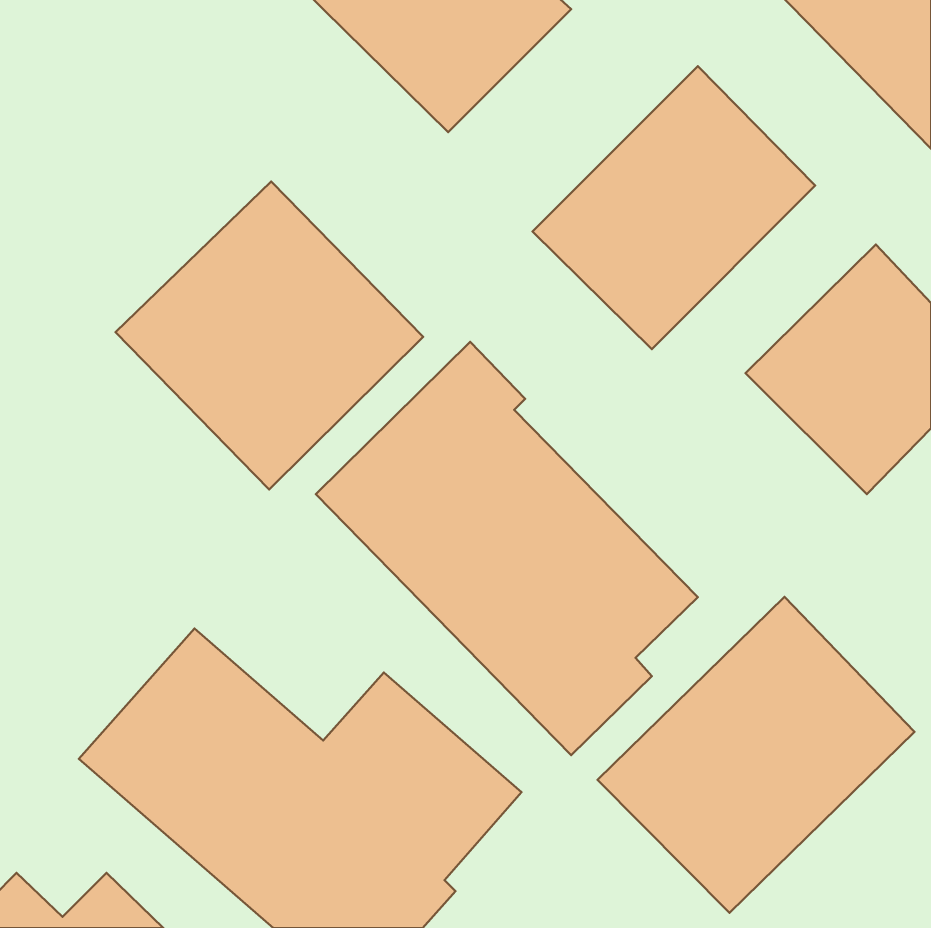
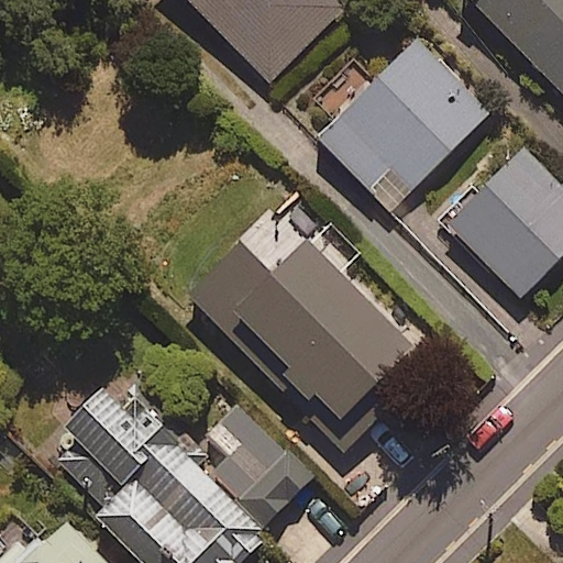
building: [115,182,423,489] -> none
building: [597,597,914,913] -> none

